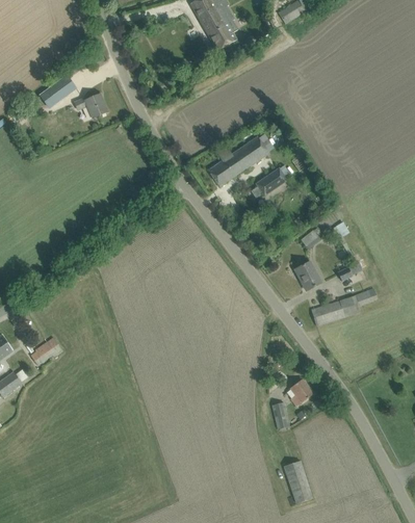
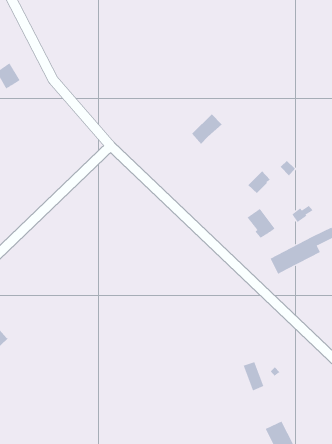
building: [208,136,268,185] -> none
building: [286,377,313,406] -> none

